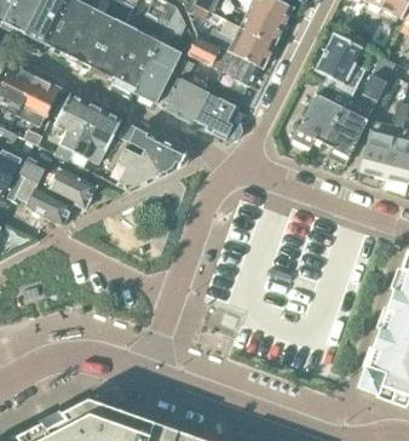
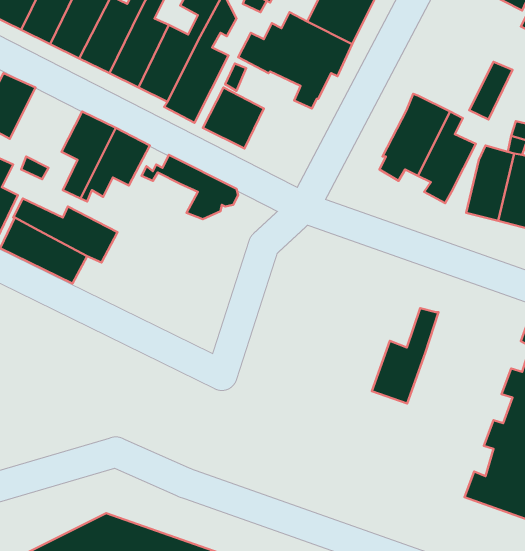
building: [317,34,375,97] -> none
building: [17,76,61,126] -> none
building: [194,92,242,142] -> none
building: [117,148,162,191] -> none
building: none -> [372,308,438,404]

